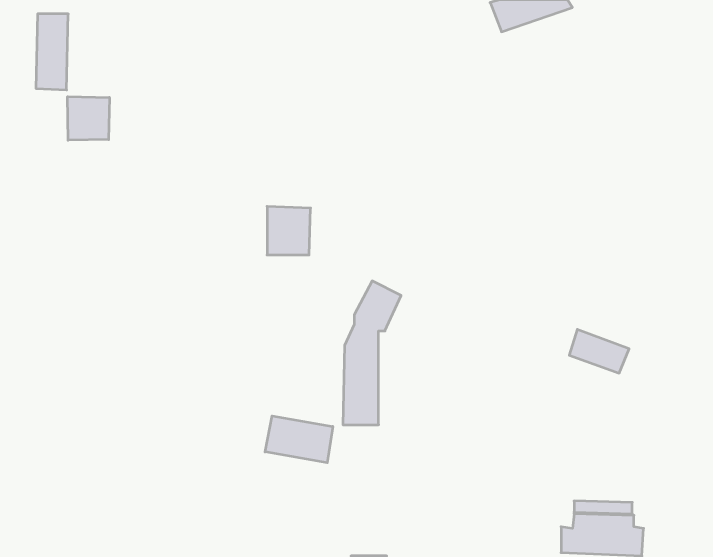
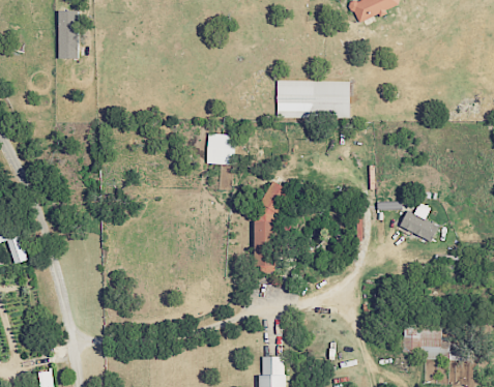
building: [68,97,109,140] -> none
building: none -> [275,80,349,117]
building: [265,416,333,463] -> none

